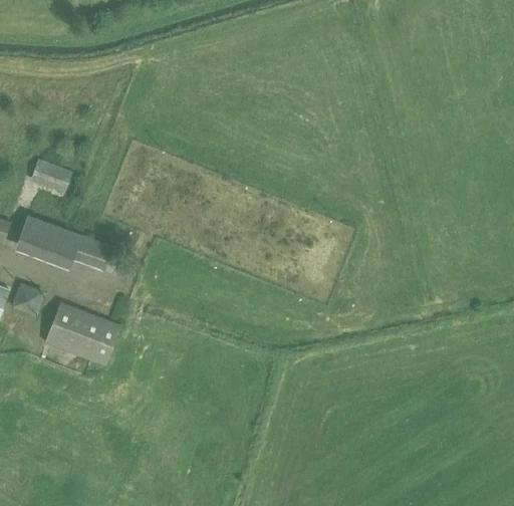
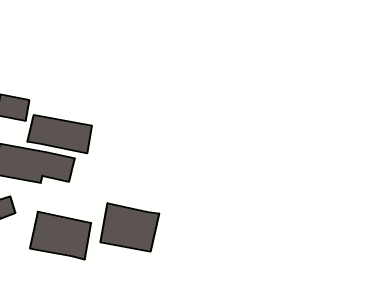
building: none -> [28,115,92,153]
building: none -> [100,203,159,252]

